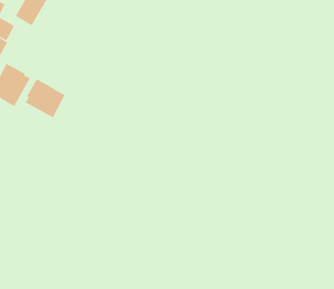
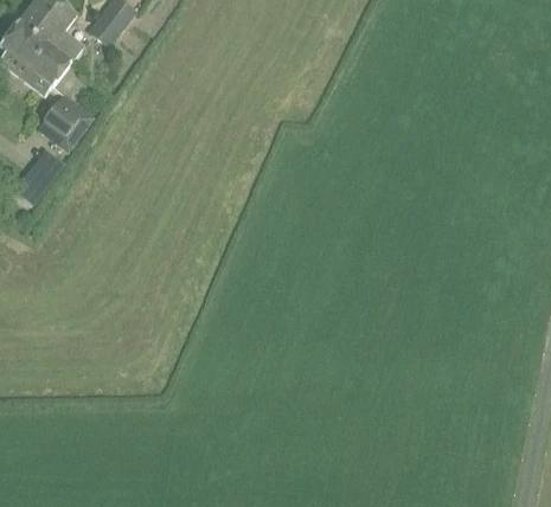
building: [25,78,65,118] -> none

